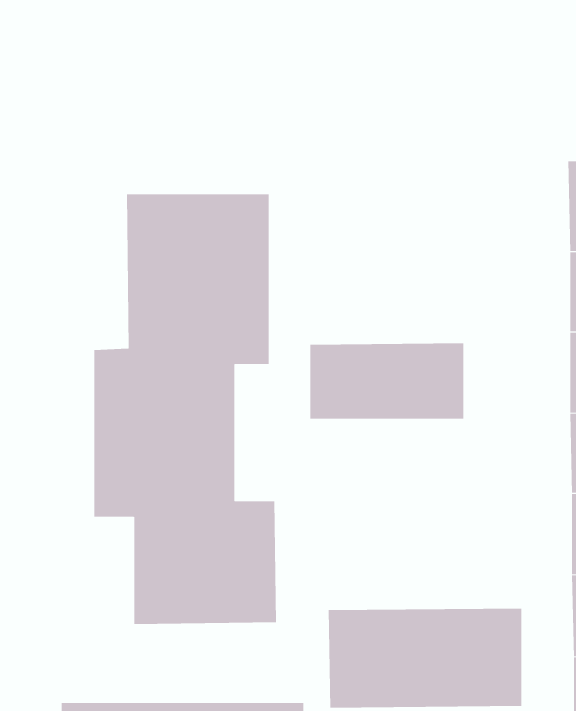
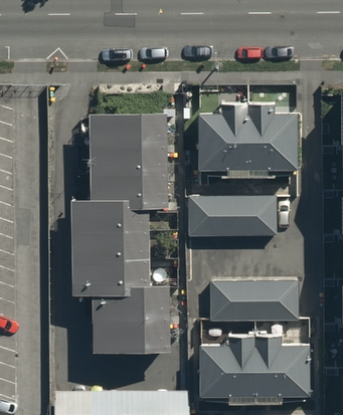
building: none -> [200,113,297,173]
building: none -> [213,279,297,321]

